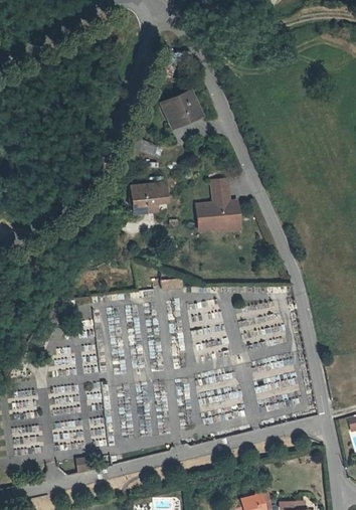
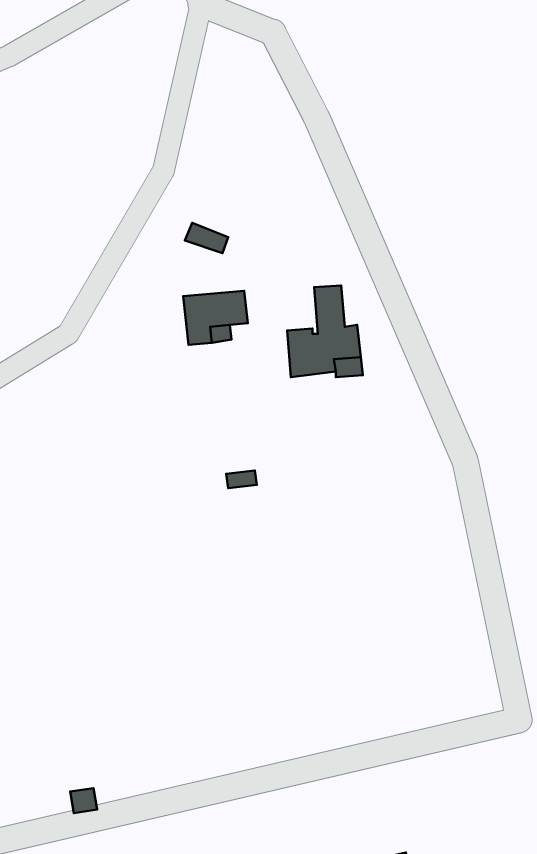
building: [162,93,199,127] -> none

